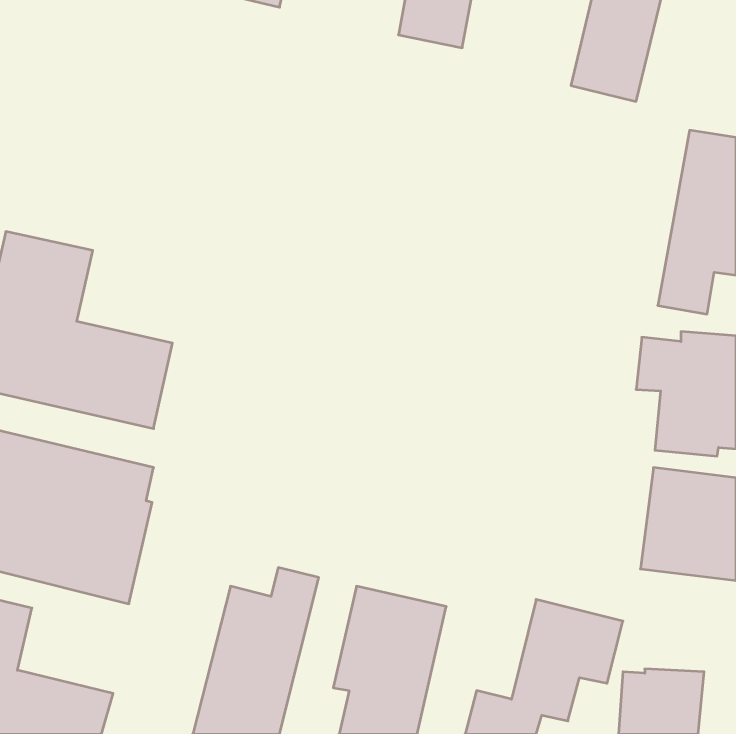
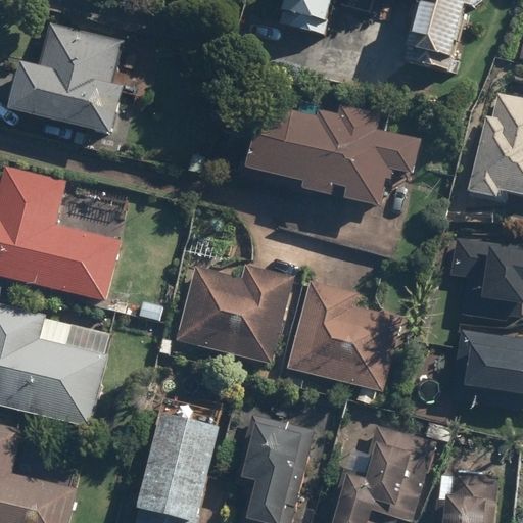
building: none -> [9,31,126,136]
building: none -> [225,103,422,208]
building: none -> [174,263,296,365]
building: none -> [288,280,400,401]

